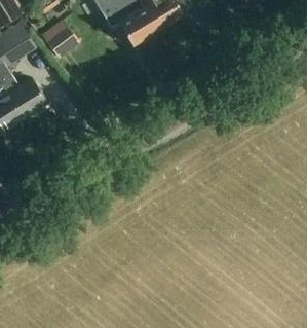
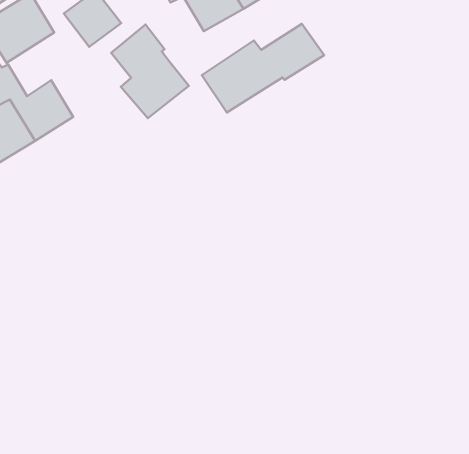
building: none -> [202,24,324,113]
building: none -> [111,25,189,118]

